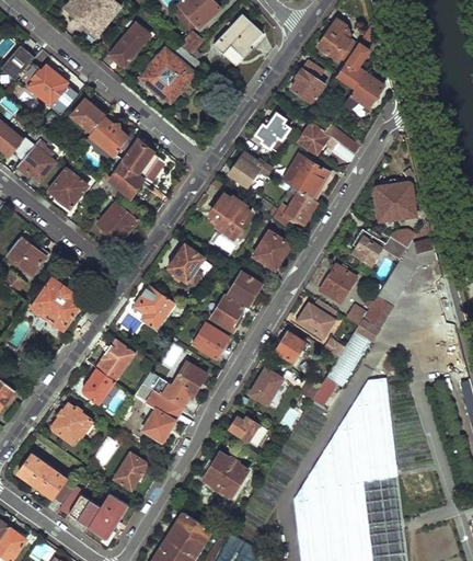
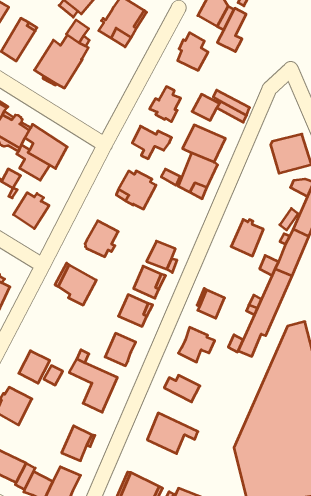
building: [341,72,382,111] -> none
building: [351,229,381,263] -> none
building: [252,230,289,270] -> none
building: [296,297,336,337] -> none
building: [96,340,135,381] -> none

